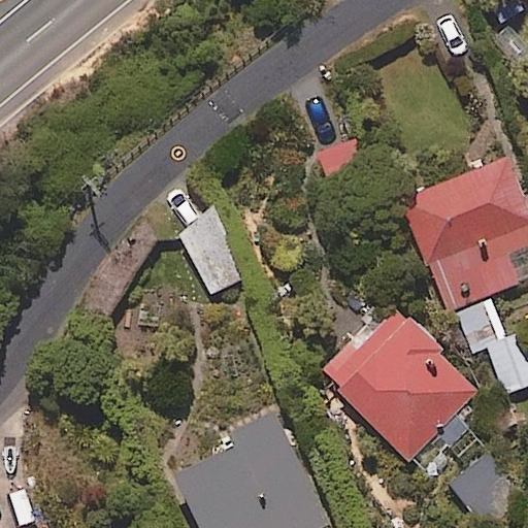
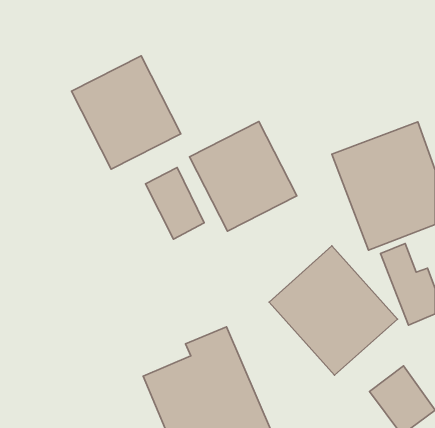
building: none -> [72,56,181,169]
building: none -> [190,122,297,231]

